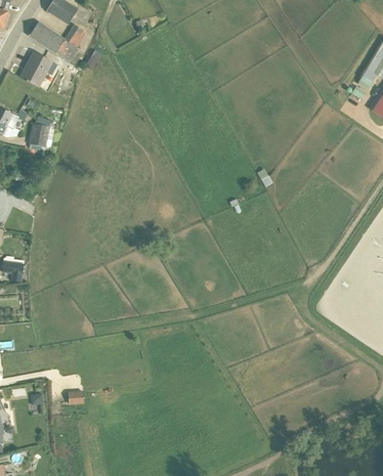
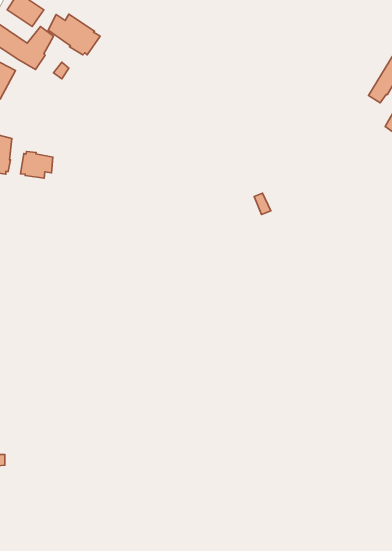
building: none -> [48,14,100,55]
building: none -> [20,152,53,178]

